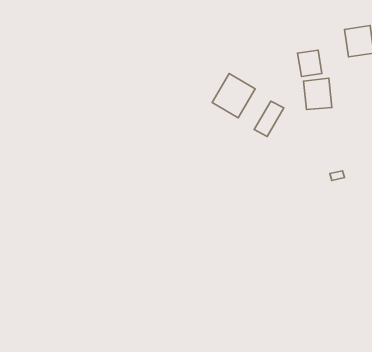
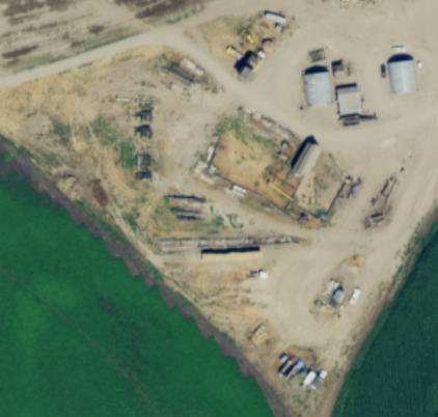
building: [212,73,255,118] -> none
building: [303,78,332,109] -> [302,72,332,105]

